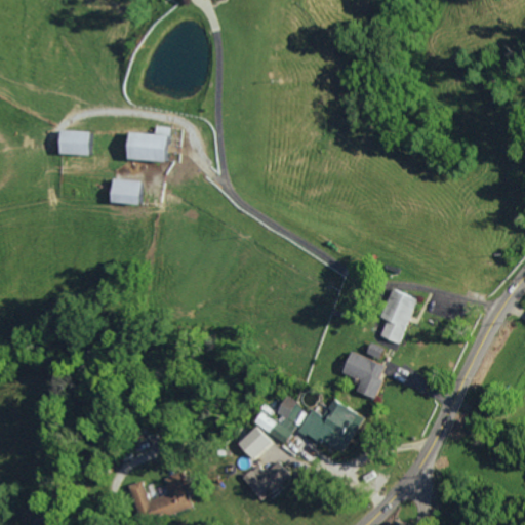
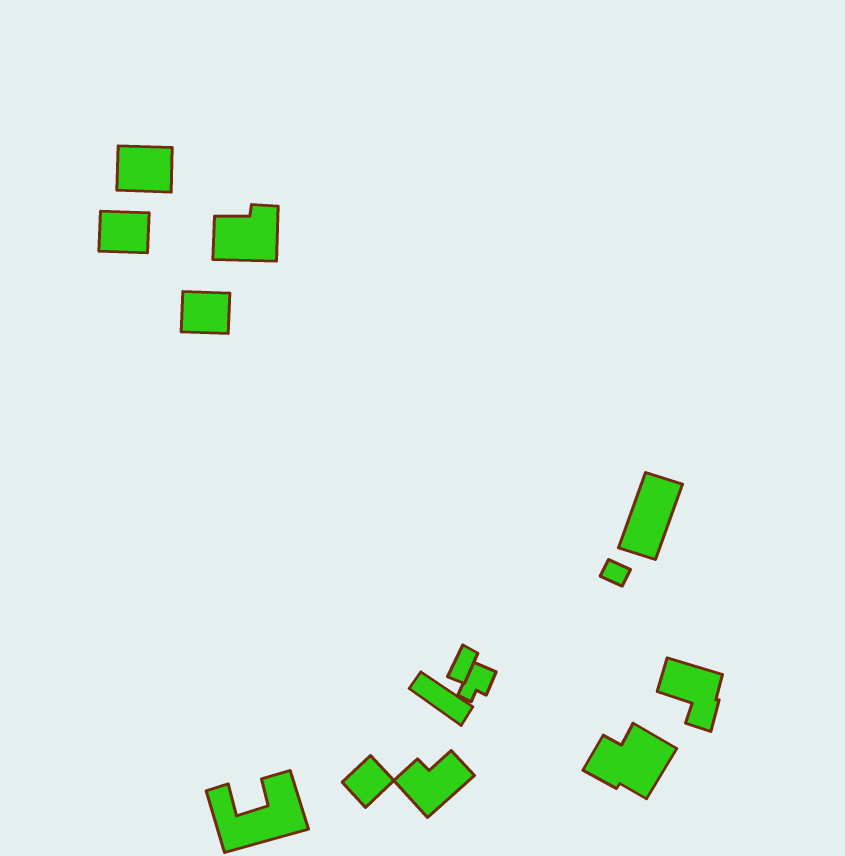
building: none -> [117,146,172,192]
building: [345,353,385,398] -> [657,658,722,732]
building: [297,401,355,447] -> [583,723,677,799]
building: [236,426,268,457] -> [342,755,394,807]

